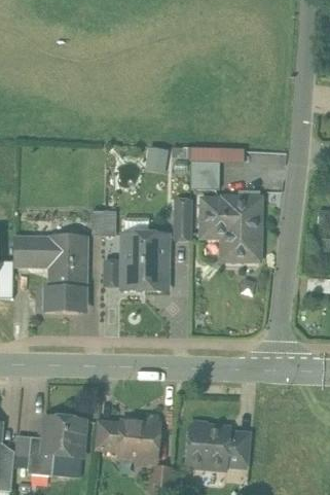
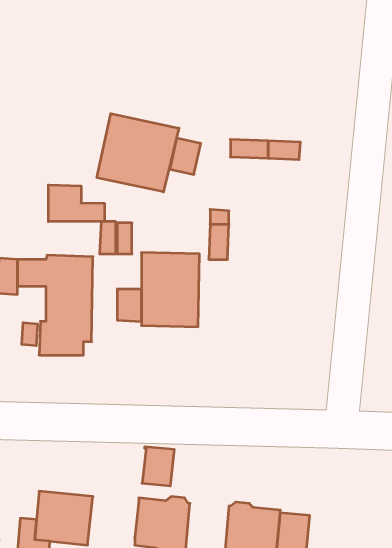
building: none -> [97,114,179,192]
building: [190,160,220,187] -> none
building: none -> [48,185,104,222]
building: [201,197,260,259] -> none
building: [97,420,121,450] -> [142,447,174,486]

